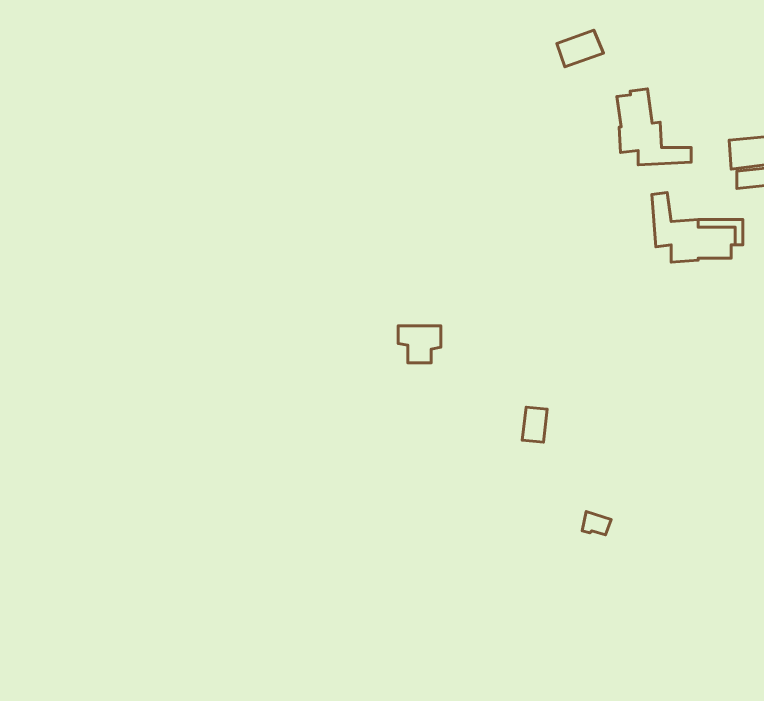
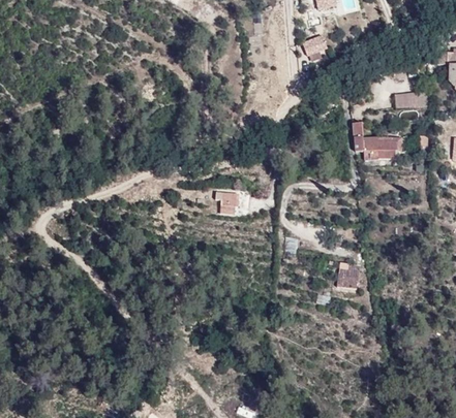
building: [617,89,691,165] -> none
building: none -> [336,262,359,288]

